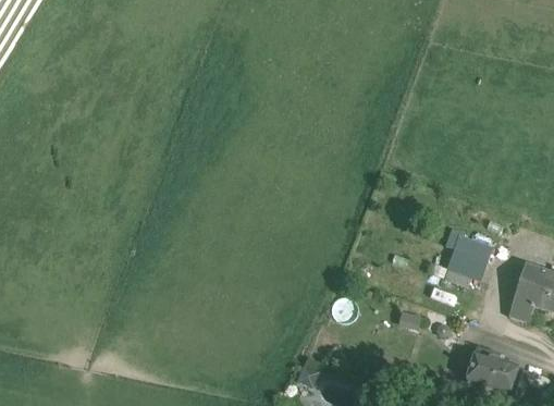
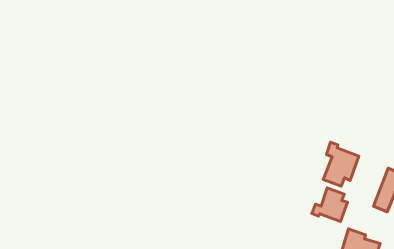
building: none -> [312,188,348,221]

